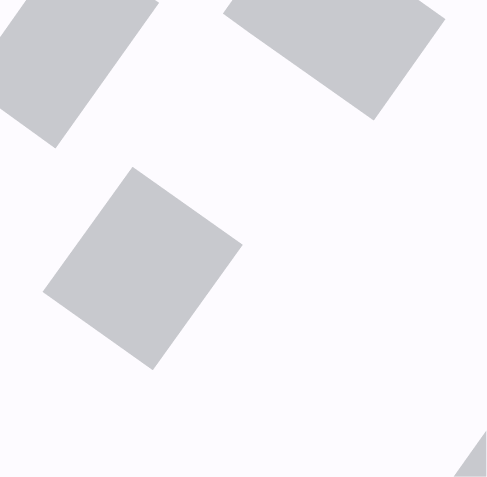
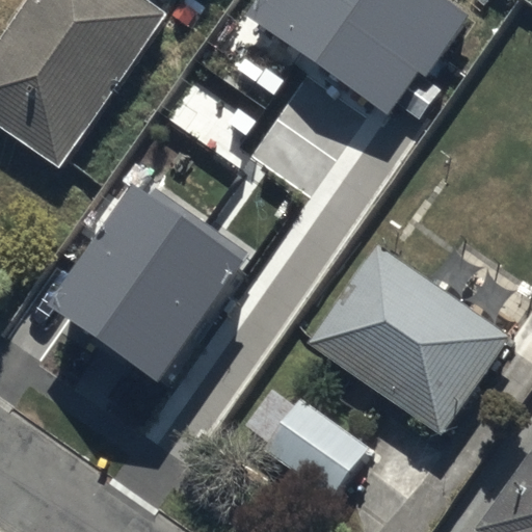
building: none -> [308,245,508,436]
building: none -> [256,393,367,498]

